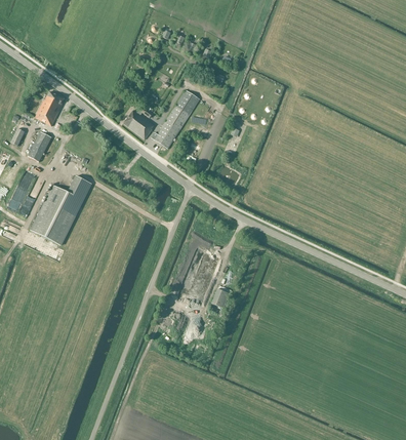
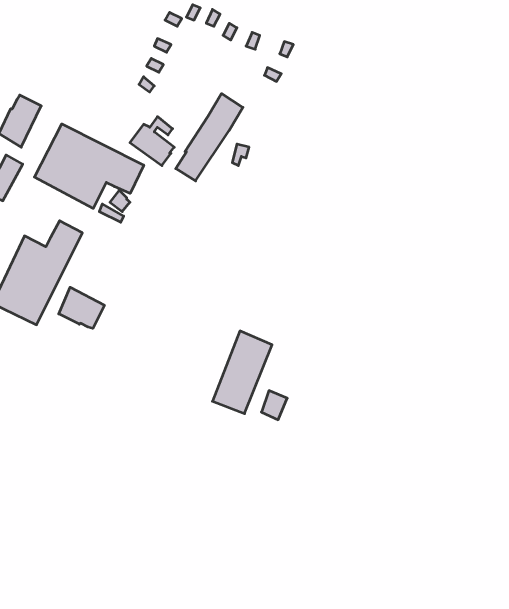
building: none -> [34,124,144,208]
building: none -> [59,287,104,328]

